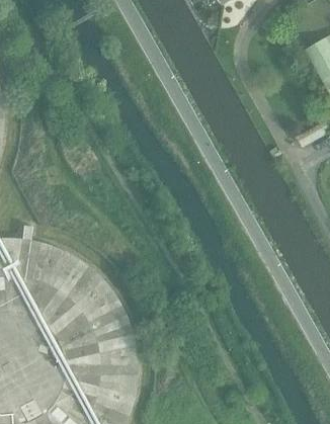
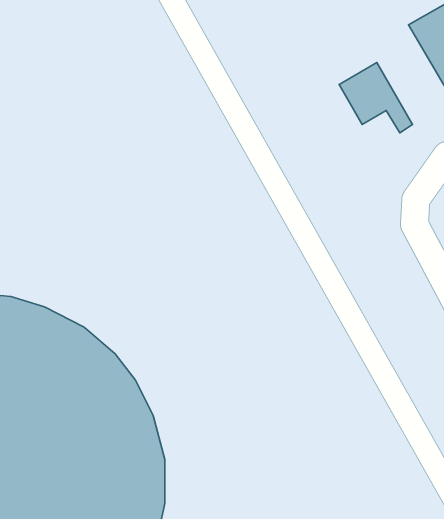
building: none -> [339,63,412,133]

